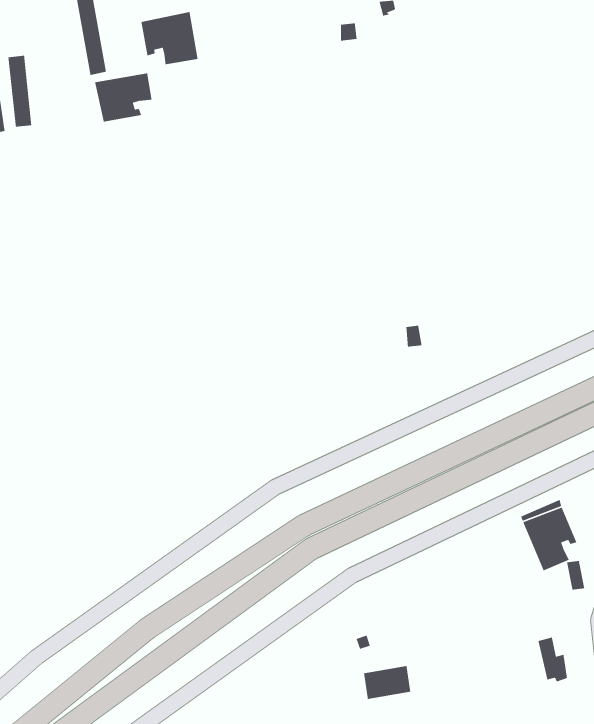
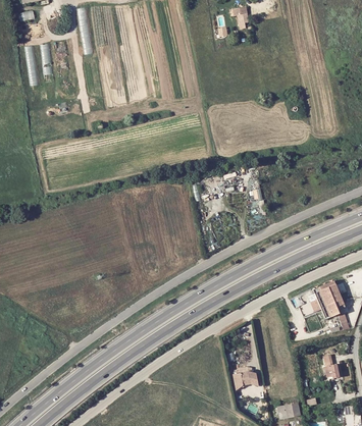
building: [140,11,199,65] -> none
building: [94,72,153,122] -> none

